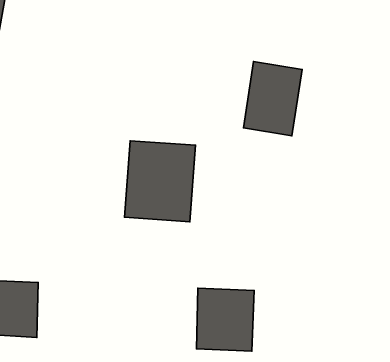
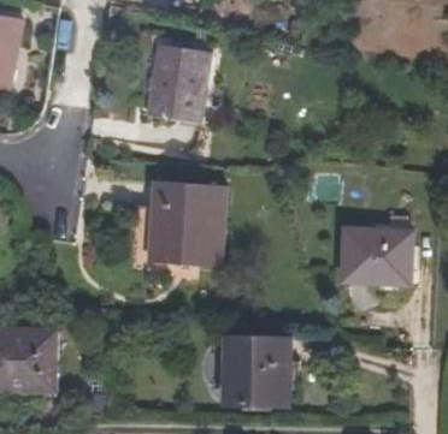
building: [243,62,302,136] -> [147,43,210,123]
building: none -> [341,226,412,284]

